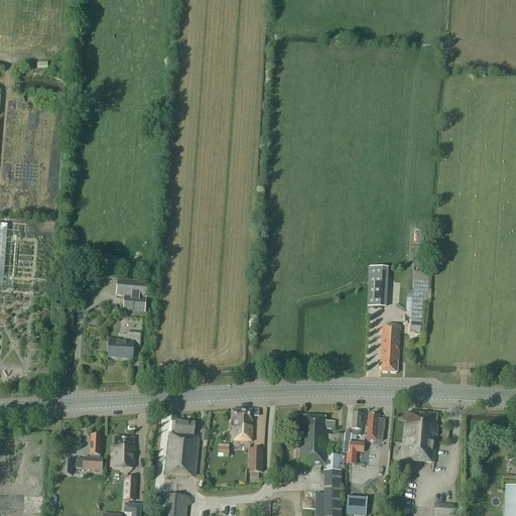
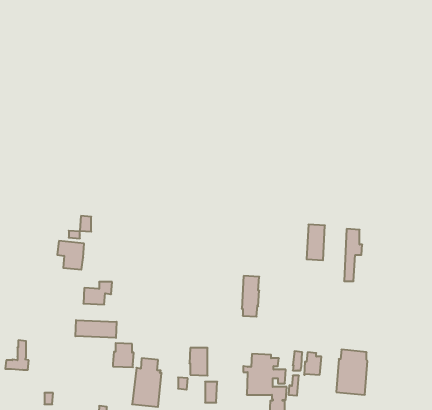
building: [116,278,147,311] -> [57,241,84,270]
building: [380,325,400,372] -> [242,276,259,317]
building: none -> [75,320,117,338]
building: [76,434,103,469] -> [5,340,29,370]
building: [111,435,135,464] -> [113,343,134,367]

